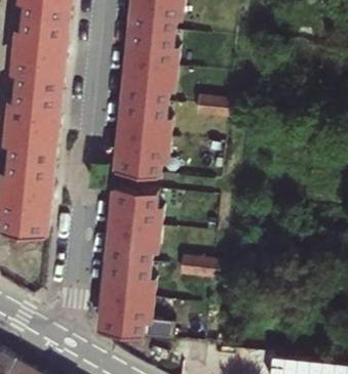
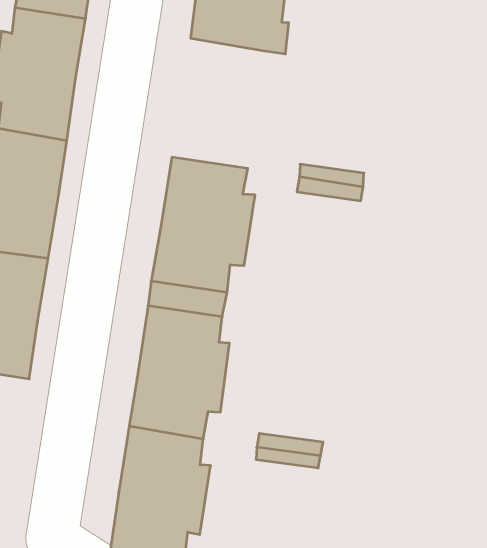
building: [120,43,178,118] -> none

